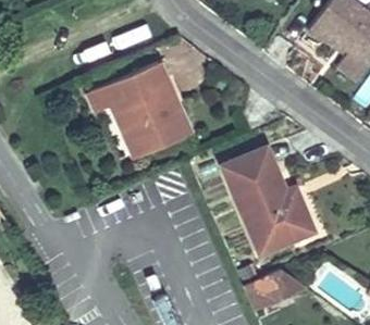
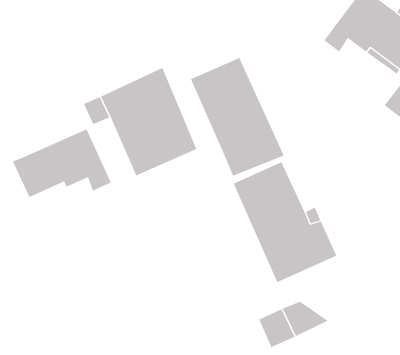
building: none -> [190,57,285,176]
building: none -> [12,128,111,198]

